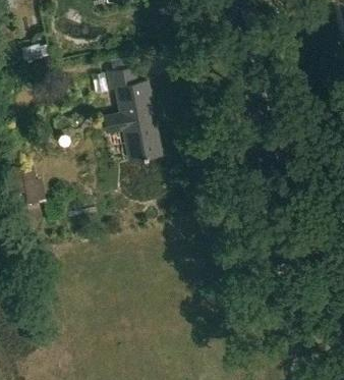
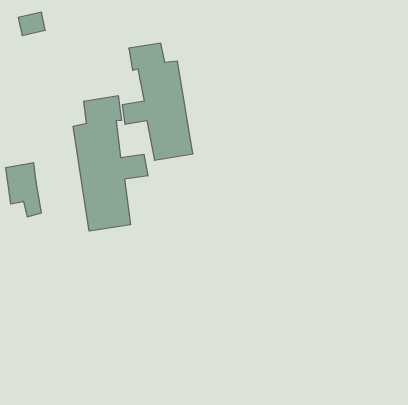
building: none -> [73,96,148,231]

